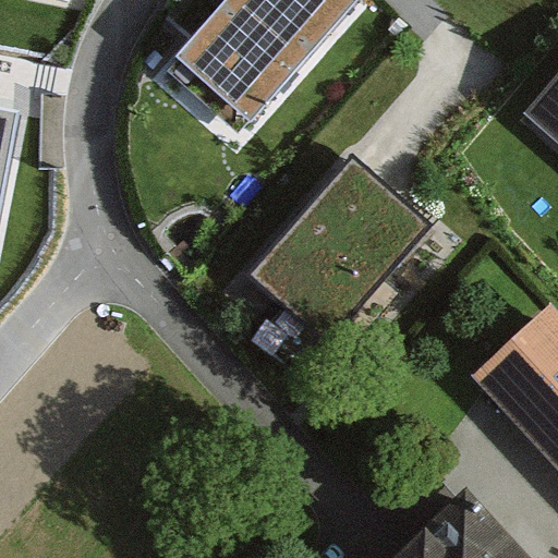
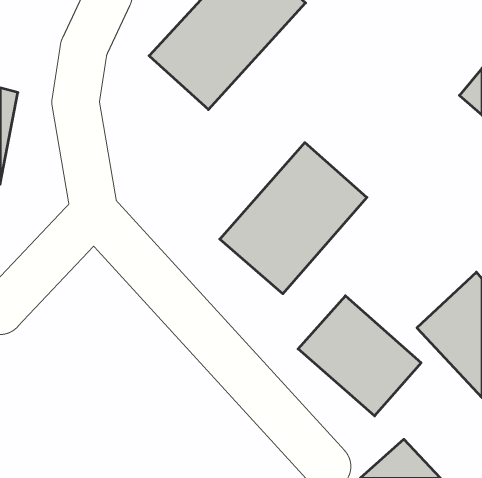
building: none -> [298,296,421,416]

